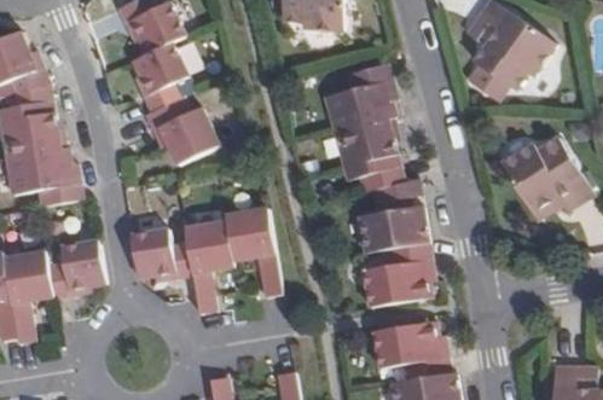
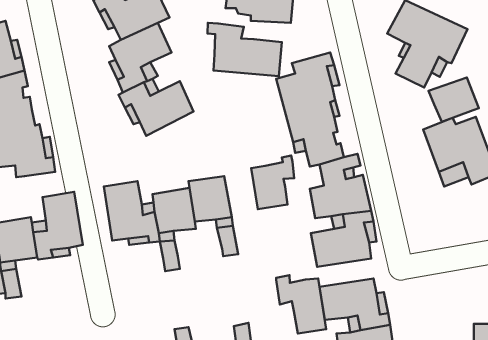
building: none -> [208,23,282,76]
building: none -> [429,77,479,122]
building: none -> [251,155,294,209]
building: none -> [276,275,326,333]

